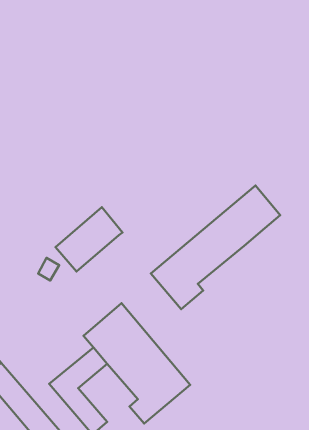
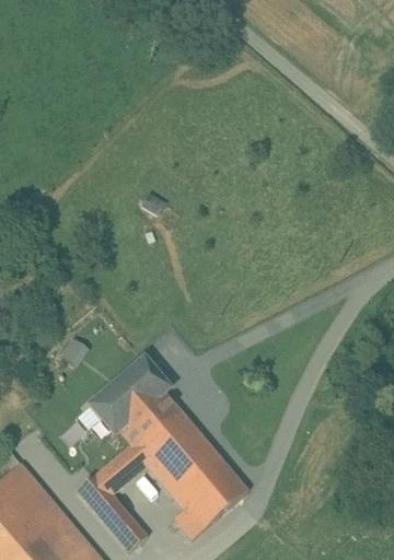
building: [151,185,280,309] -> none
building: [56,207,123,272] -> [89,358,170,435]

